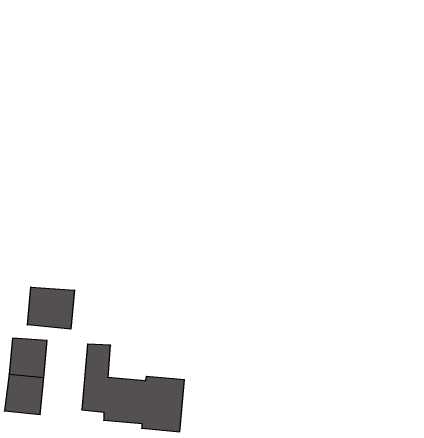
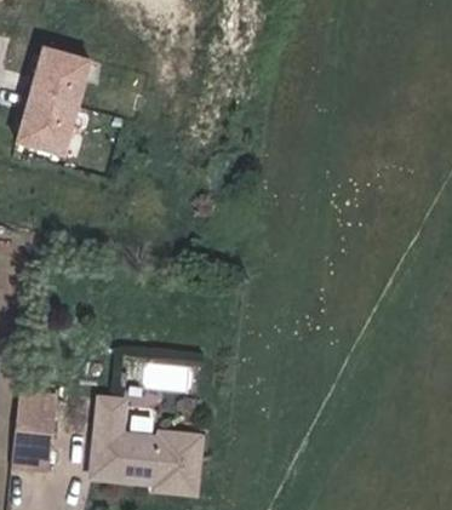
building: none -> [12,53,85,161]
building: [27,287,74,329] -> none

